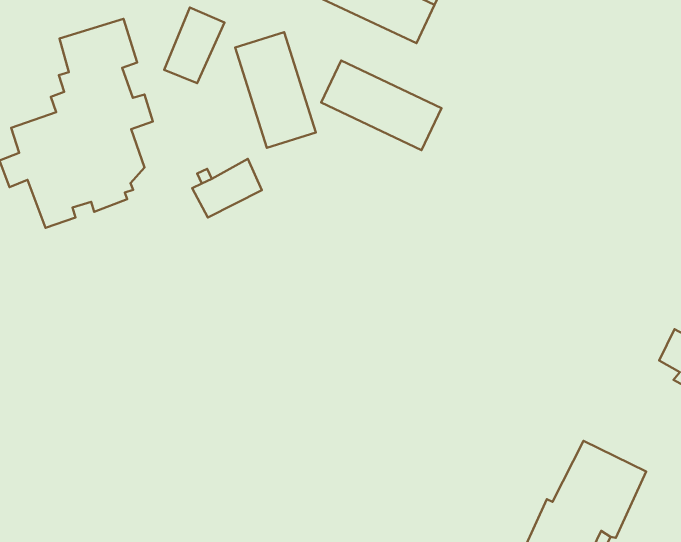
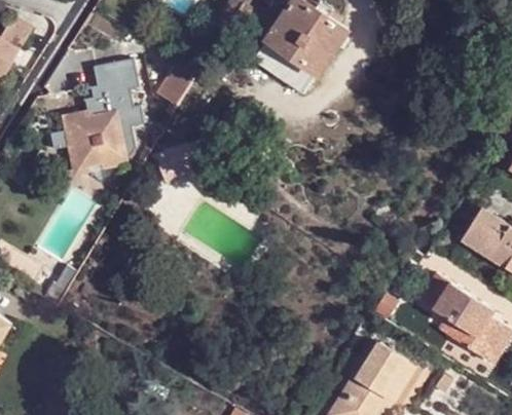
building: [235,32,316,148] -> none
building: [321,61,442,150] -> none

